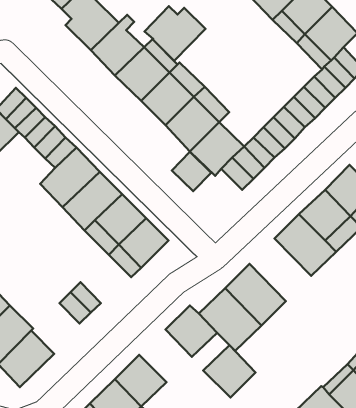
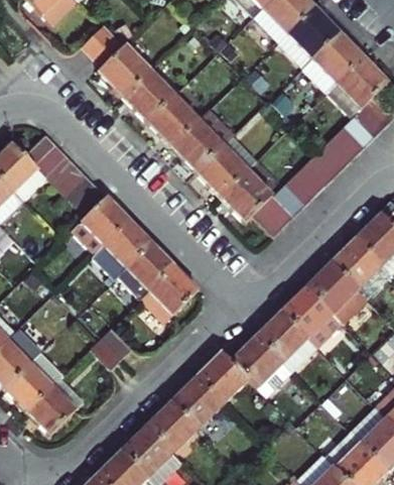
building: [145,6,205,61] -> none
building: [172,152,211,191] -> none
building: none -> [279,285,341,348]
building: [203,345,256,398] -> [169,376,222,429]

